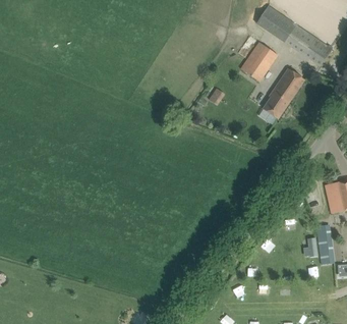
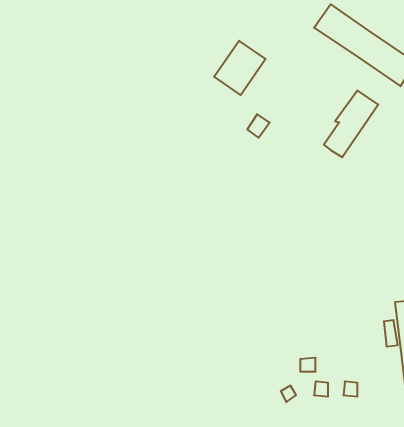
building: [239,41,277,80] -> [214,41,266,95]

